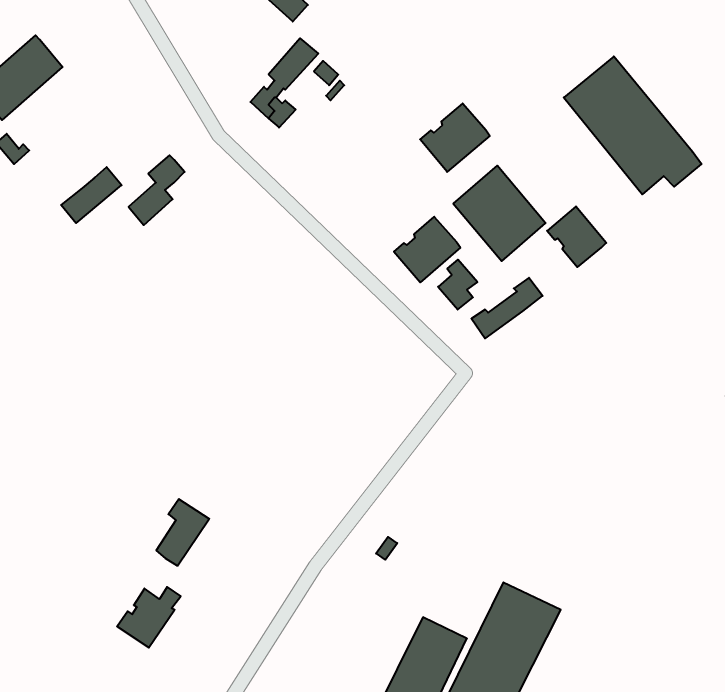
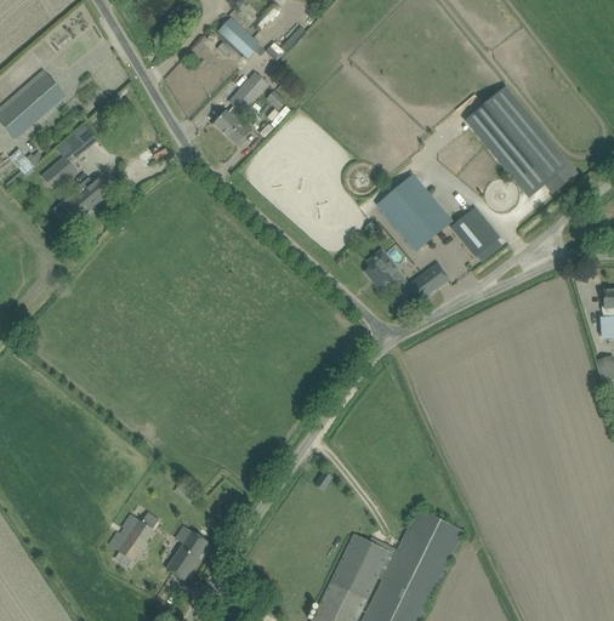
building: [420,103,490,172] -> none
building: [129,155,185,225] -> [41,135,86,190]
building: [394,217,460,282] -> none
building: [156,499,209,566] -> [166,526,209,580]

